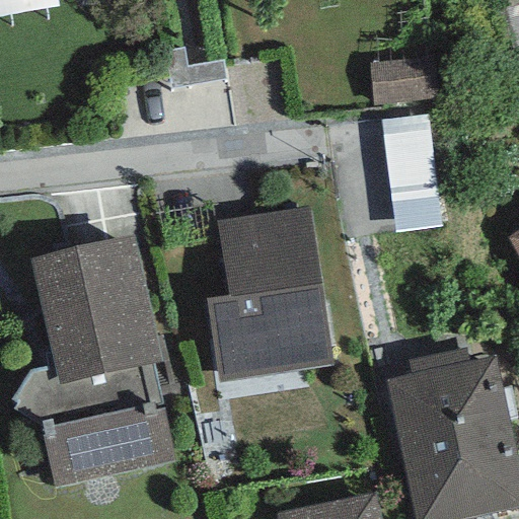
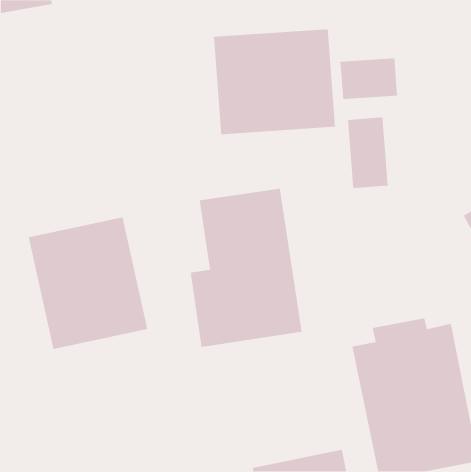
building: none -> [213,29,336,135]
building: [42,403,177,487] -> none

